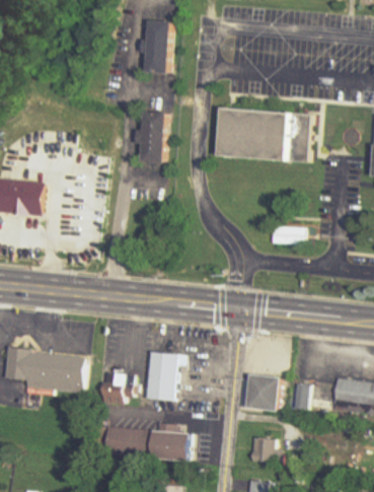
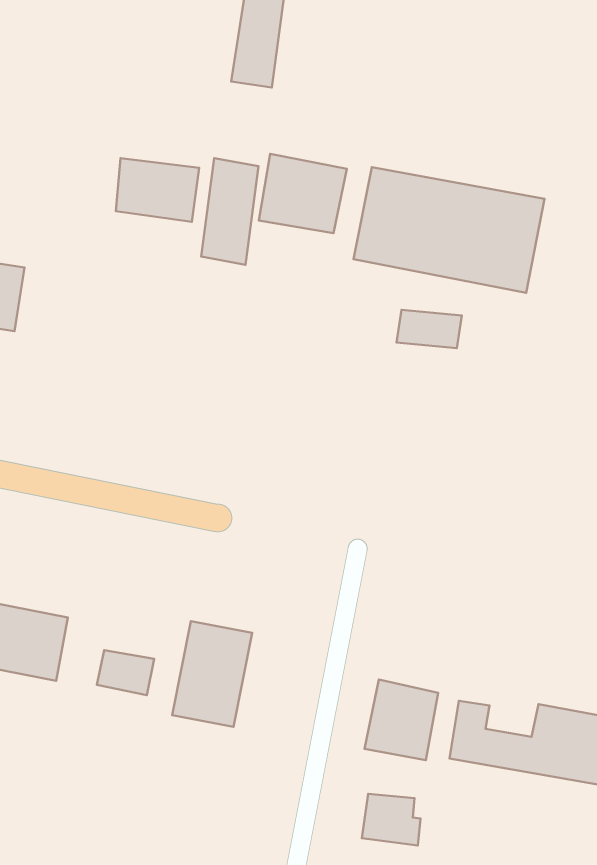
building: none -> [259,154,347,233]
building: none -> [116,158,199,222]
building: [269,227,301,244] -> [397,310,462,348]
building: [100,424,192,465] -> none

